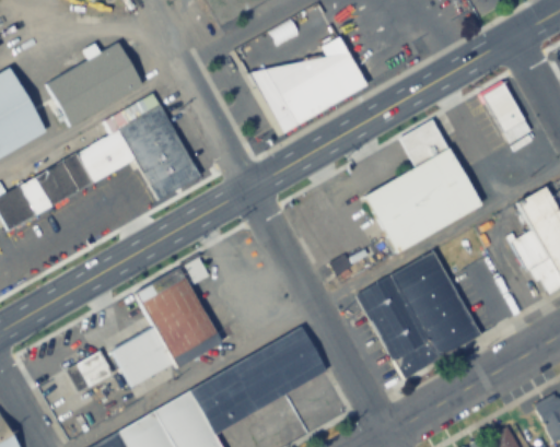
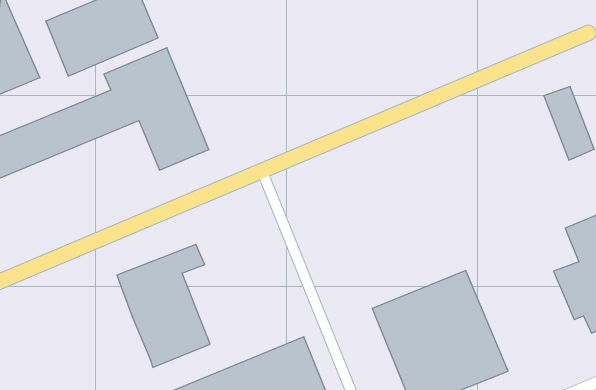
building: [249,51,369,132] -> none
building: [364,118,483,254] -> none
building: [113,327,173,385] -> none
building: [75,350,113,387] -> none

